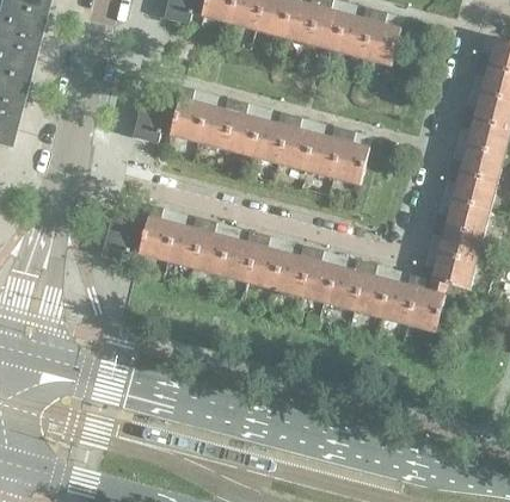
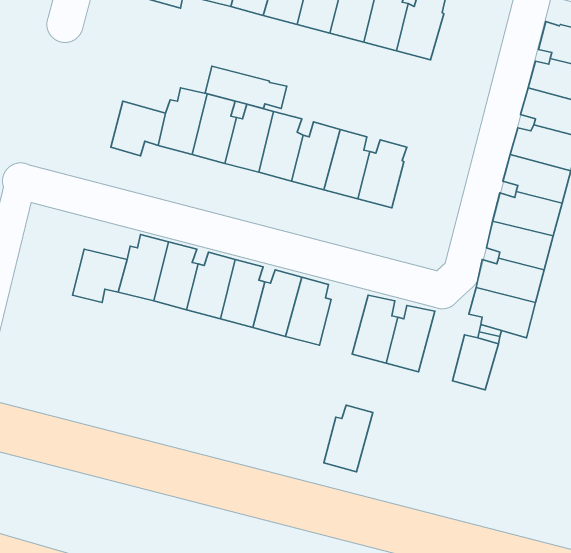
building: none -> [205,66,287,109]
building: [301,250,340,304] -> [324,405,373,472]
building: [381,269,418,326] -> none

